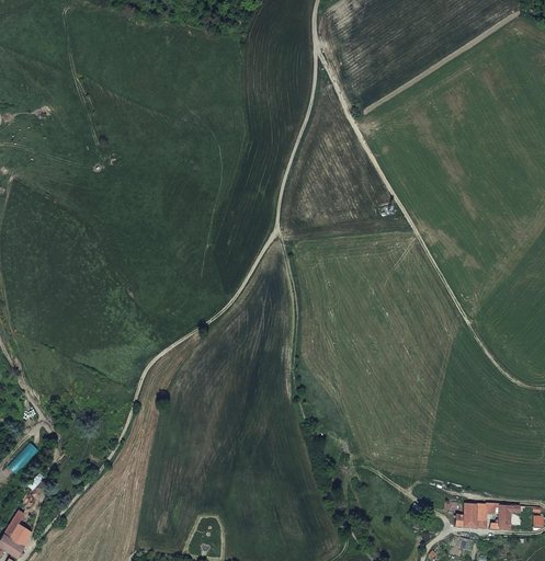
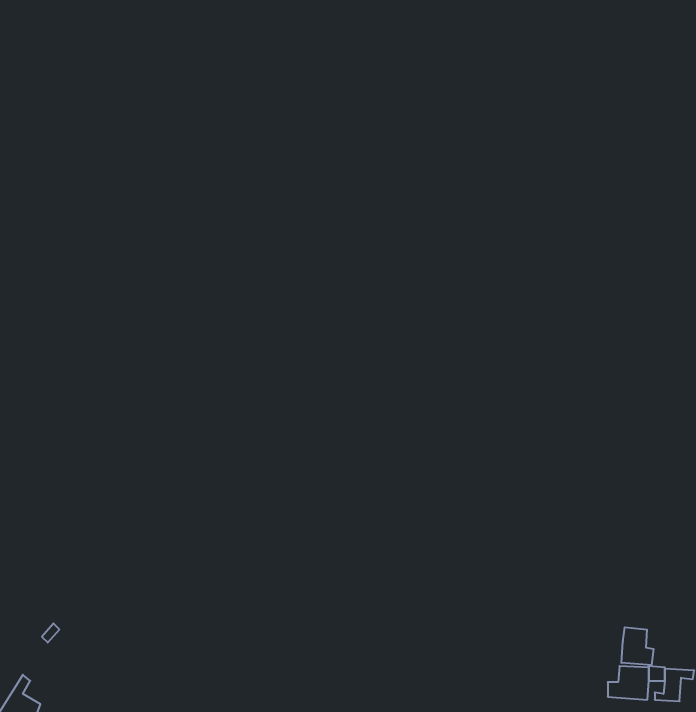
building: none -> [621,627,654,665]

